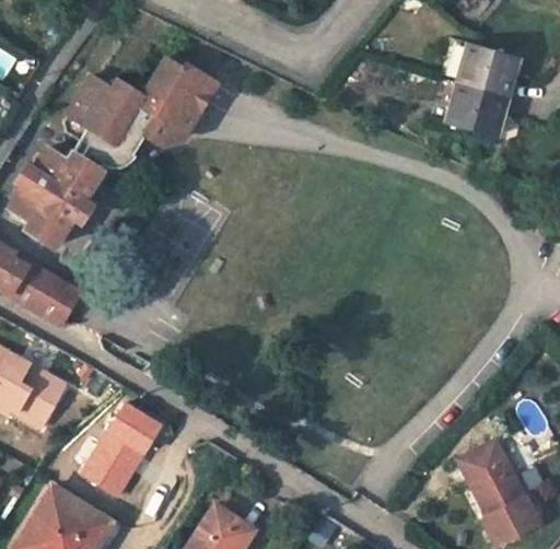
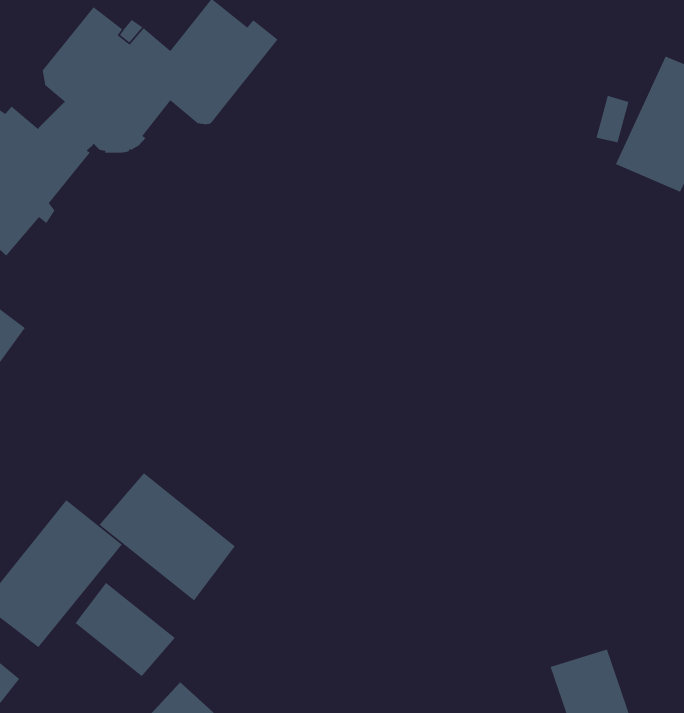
building: none -> [98,472,236,601]
building: none -> [74,582,176,677]

